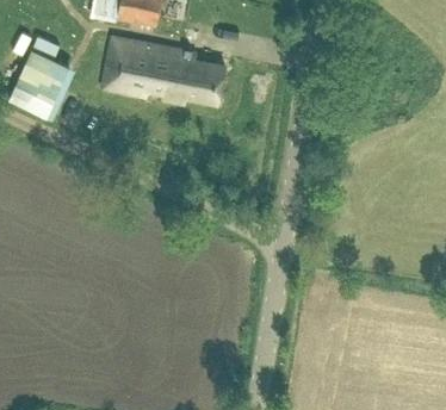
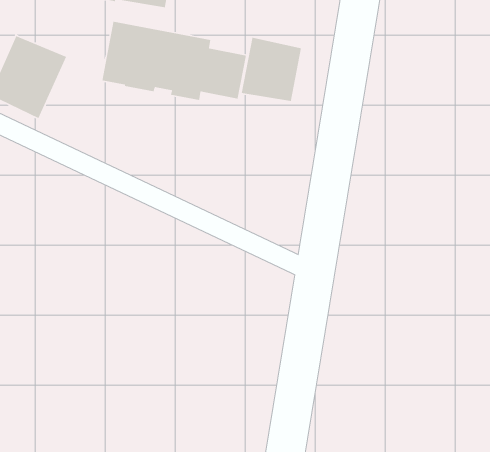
building: none -> [241,37,302,102]

